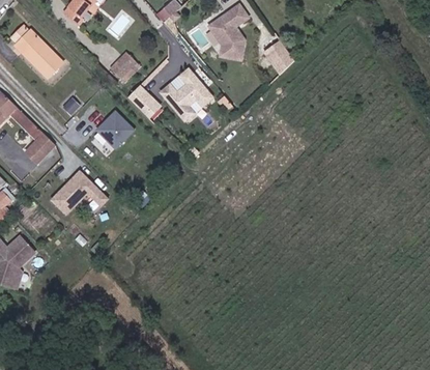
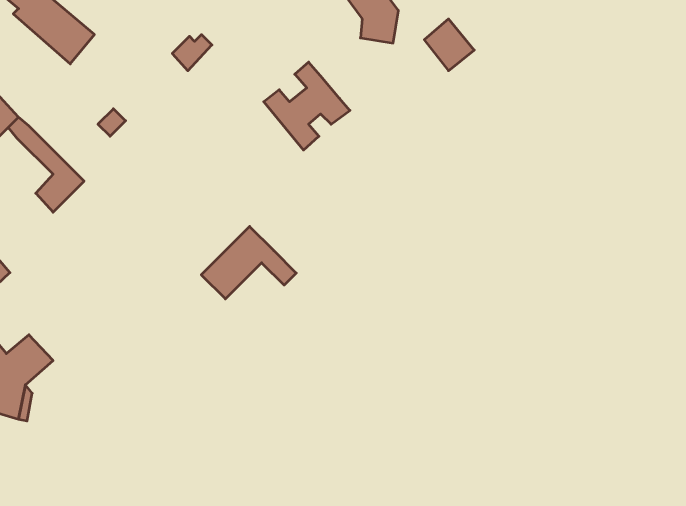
building: [131,86,163,118] -> none
building: [97,112,135,148] -> none
building: [52,171,109,215] -> [201,226,296,299]

